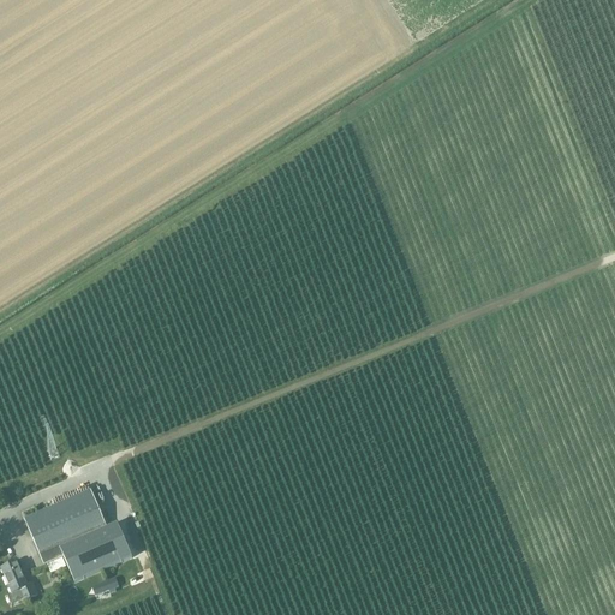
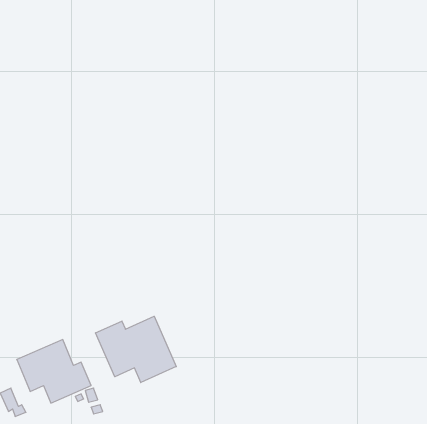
building: none -> [96,316,176,383]

